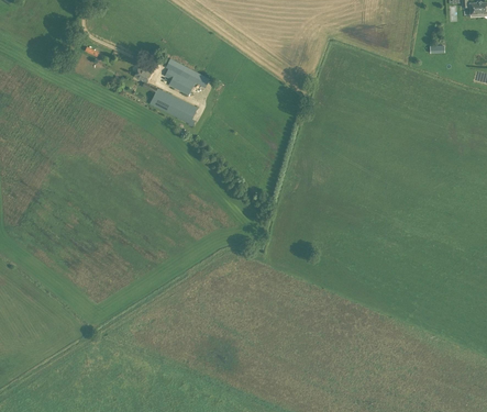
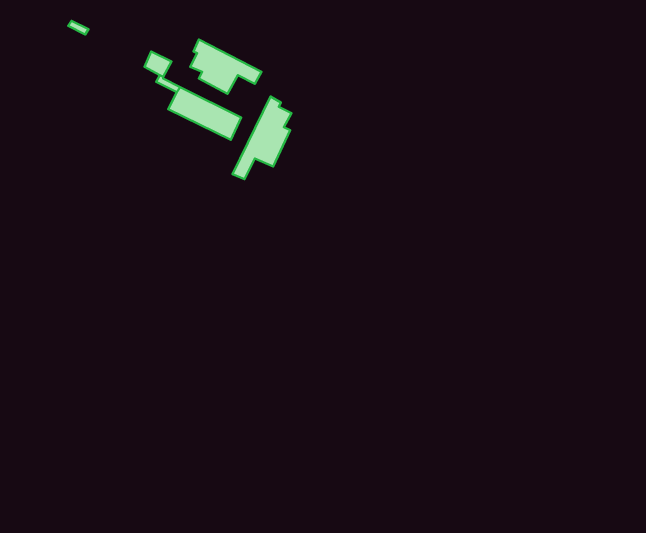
building: none -> [233,96,292,179]

